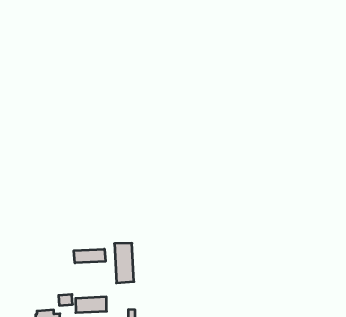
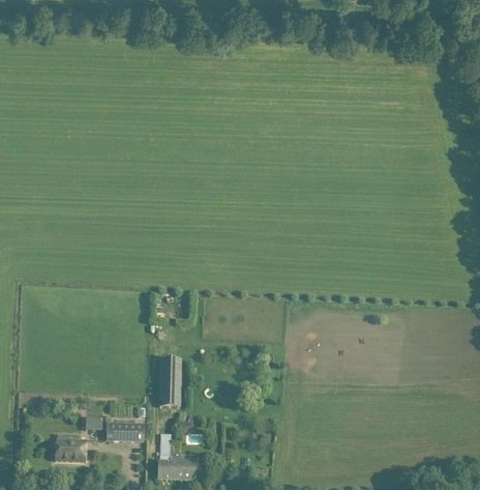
building: [74,249,105,263] -> none

